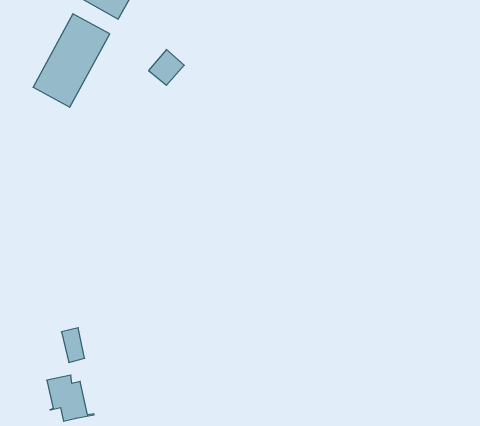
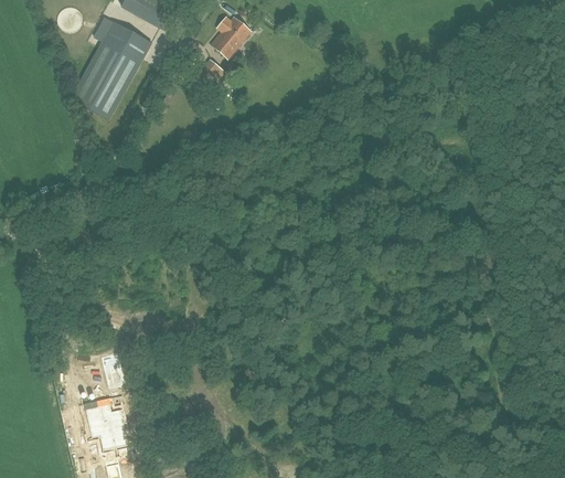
building: none -> [210,15,250,57]

